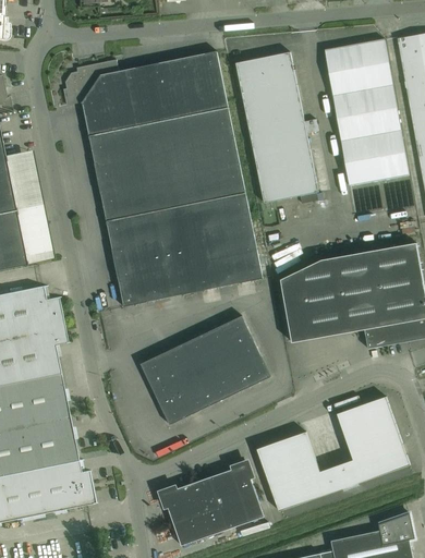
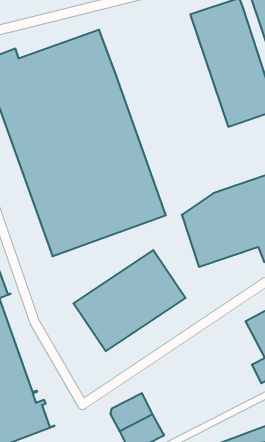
building: [234,52,317,203] -> none
building: [256,430,343,510] -> none
building: [204,463,264,531] -> none

